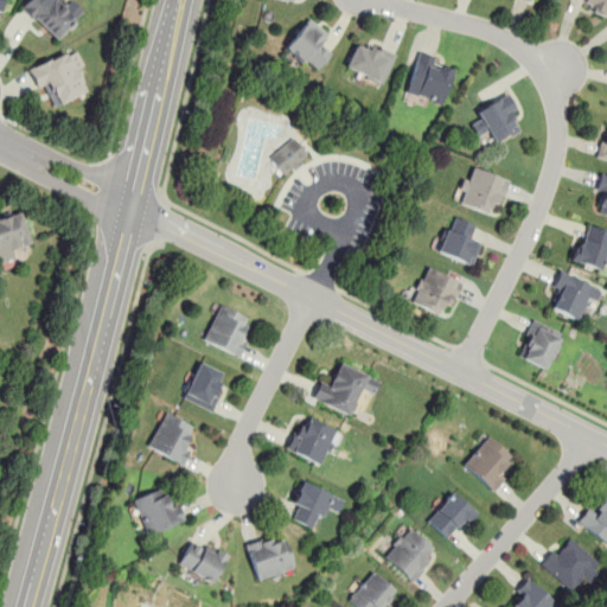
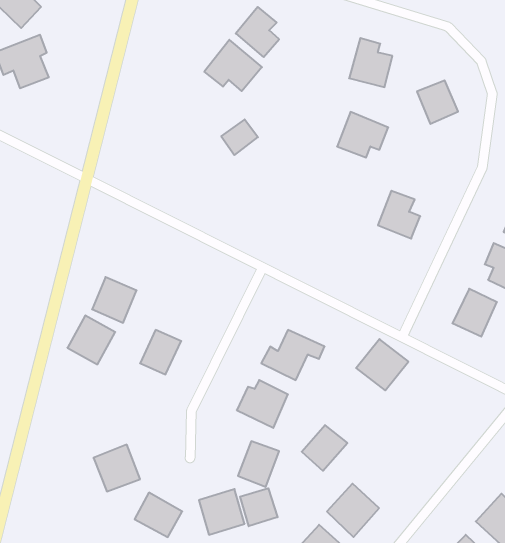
building: [350,40,396,83] -> none
building: none -> [204,40,262,91]
building: [456,165,511,213] -> [337,112,388,158]
building: [413,266,464,317] -> none
building: [206,306,254,354] -> [92,277,137,323]
building: [149,411,200,464] -> [67,315,115,364]
building: [465,436,520,491] -> [356,339,408,390]
building: [429,492,478,541] -> [302,425,347,471]
building: none -> [240,488,278,526]

